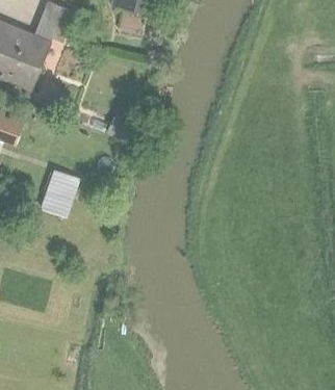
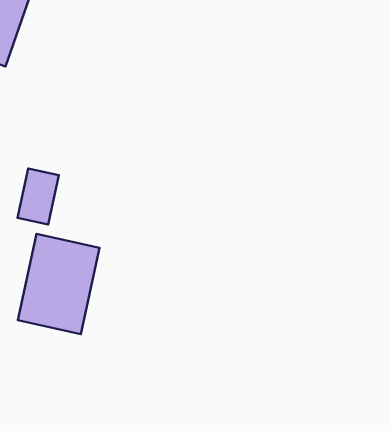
building: none -> [18,234,99,334]

